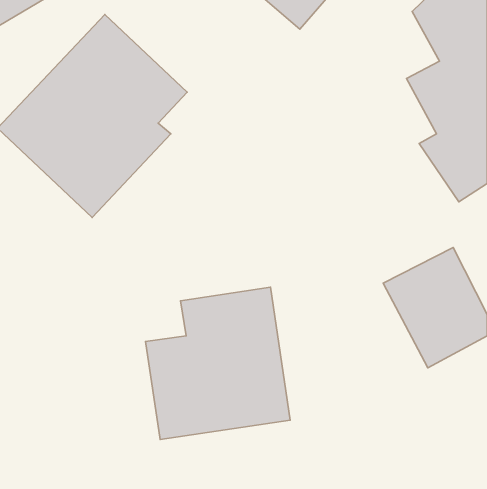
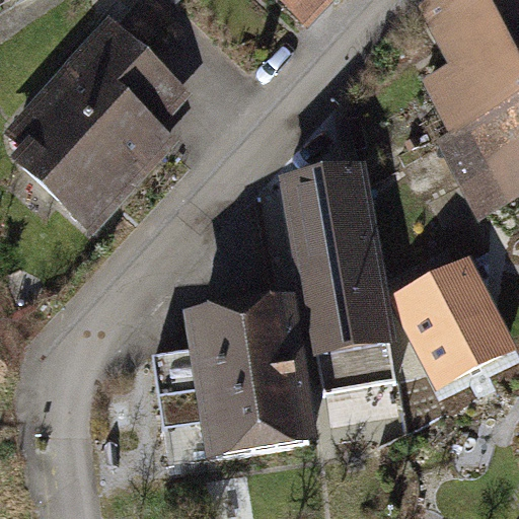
building: none -> [283,169,393,386]

